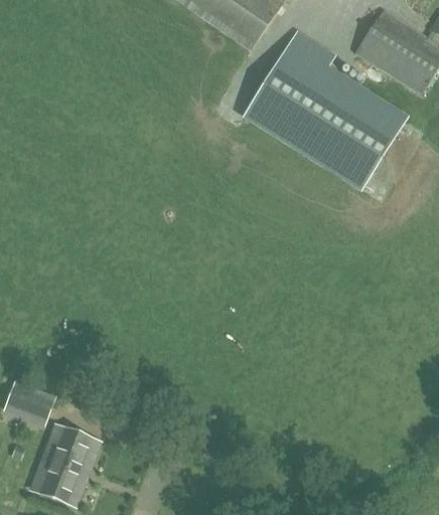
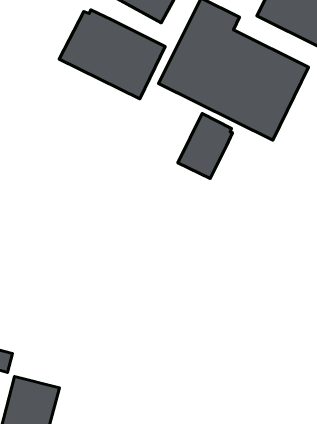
building: none -> [59,10,165,99]
building: none -> [178,114,233,179]

